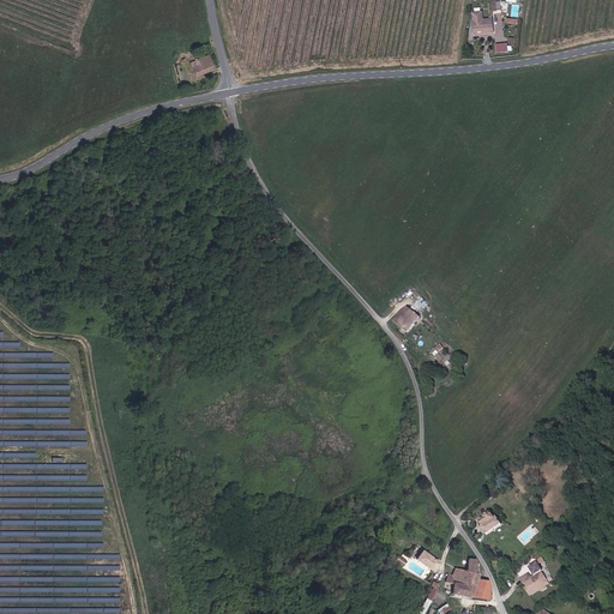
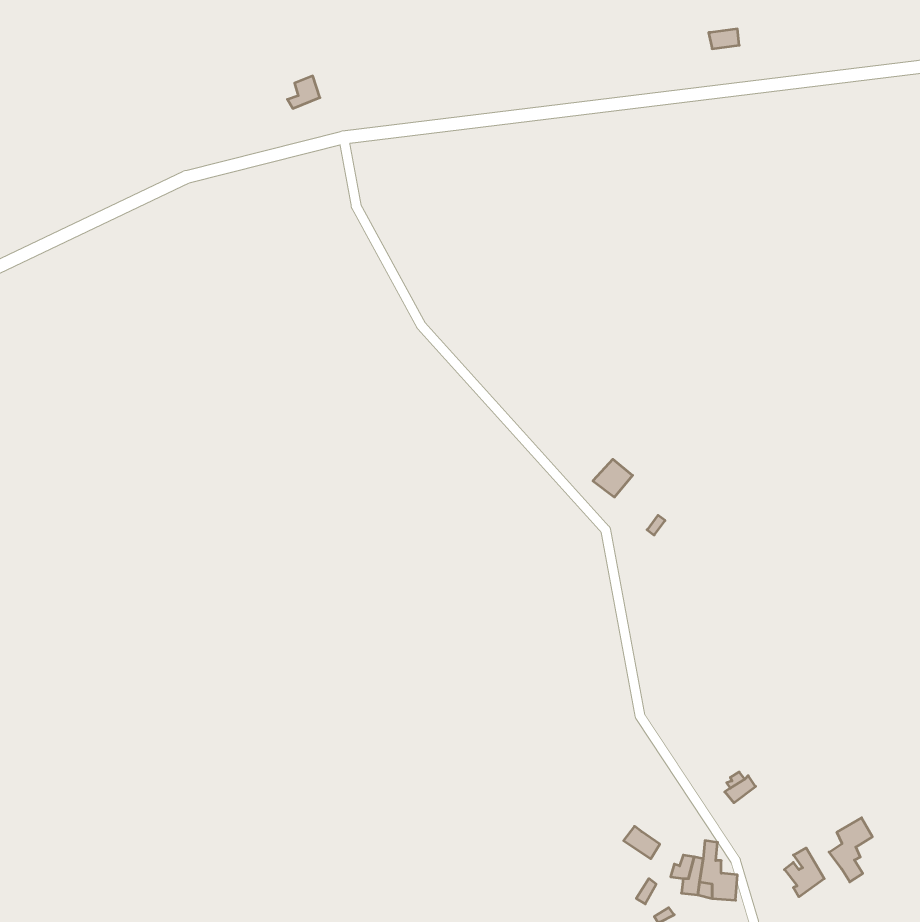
building: none -> [829,818,872,882]

